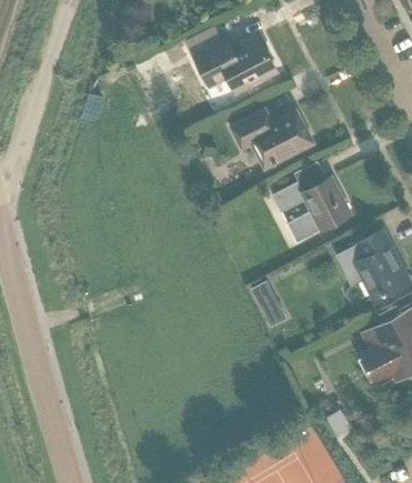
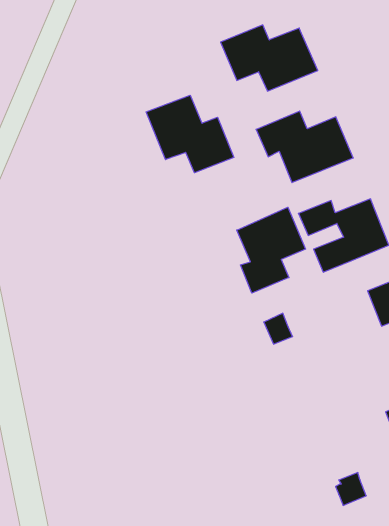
building: none -> [146,95,234,173]
building: none -> [237,207,305,293]

